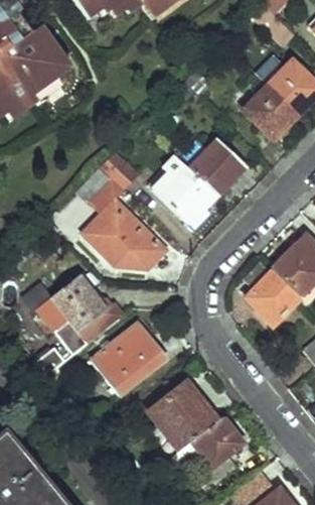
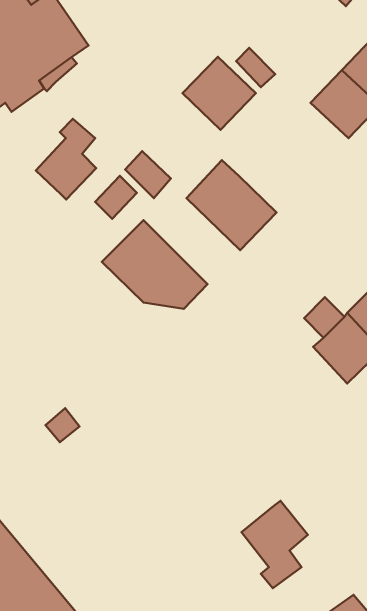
building: none -> [36,119,96,199]
building: [188,138,245,195] -> [183,57,256,130]
building: [36,274,123,354] -> none
building: [90,328,160,396] -> none
building: [148,383,215,451] -> none

